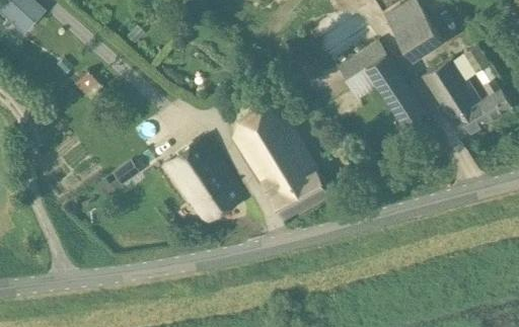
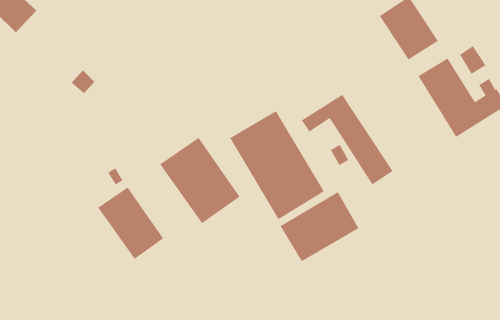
building: [336,42,428,133] -> [301,94,393,185]
building: none -> [97,187,164,260]
building: none -> [280,191,360,262]

